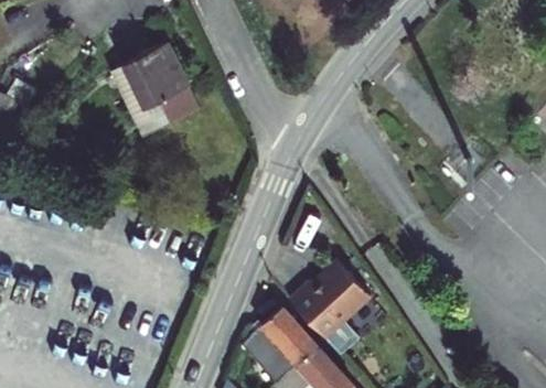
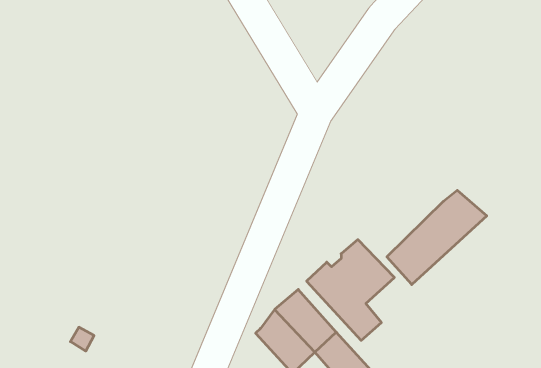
building: [110,42,200,137] -> none
building: none -> [387,190,487,285]

